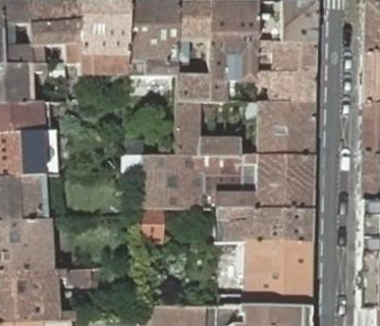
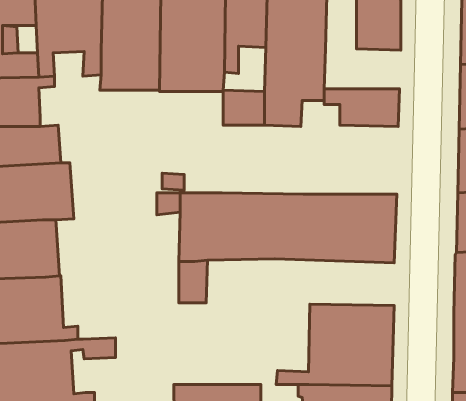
building: [257,41,317,72] -> none
building: [176,101,241,155] -> none
building: [249,101,315,155] -> none
building: [216,206,312,242] -> none

